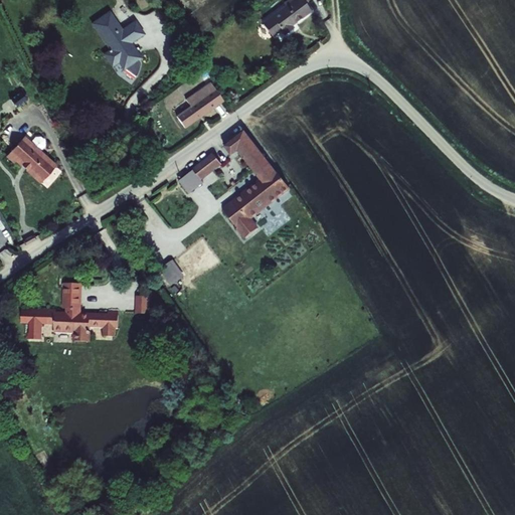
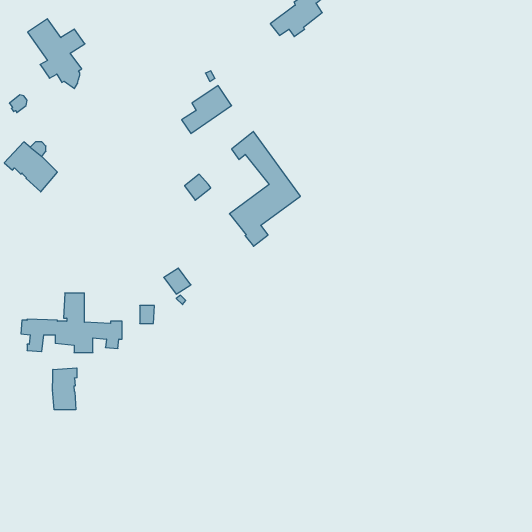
building: [90,10,145,77] -> [28,19,85,89]
building: [192,151,221,178] -> none
building: none -> [53,368,77,410]

